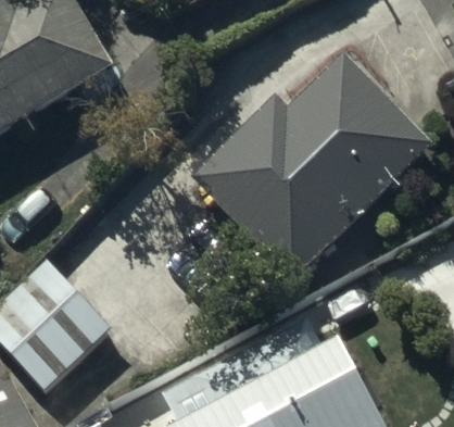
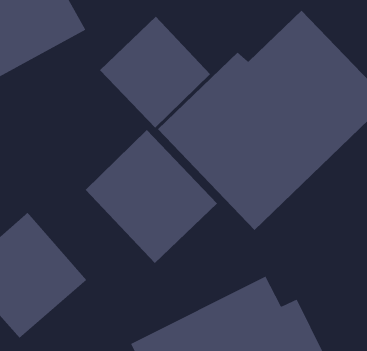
building: none -> [99,16,211,129]
building: none -> [85,129,218,264]

